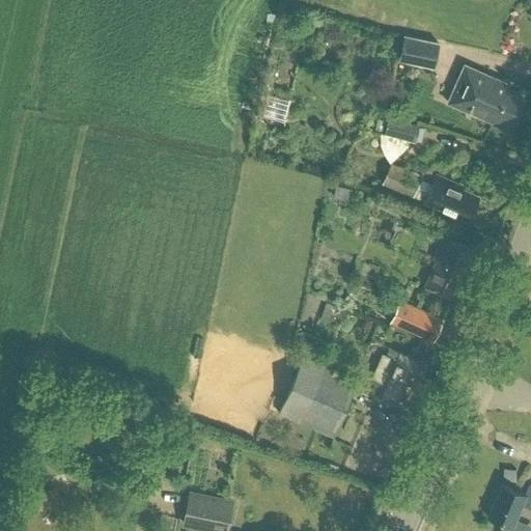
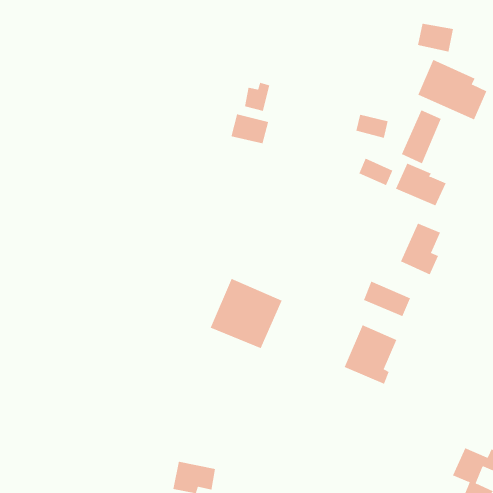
building: [400,37,440,68] -> [417,23,454,52]
building: none -> [401,110,441,164]
building: none -> [231,113,269,144]
building: [281,361,359,437] -> [210,278,283,349]

